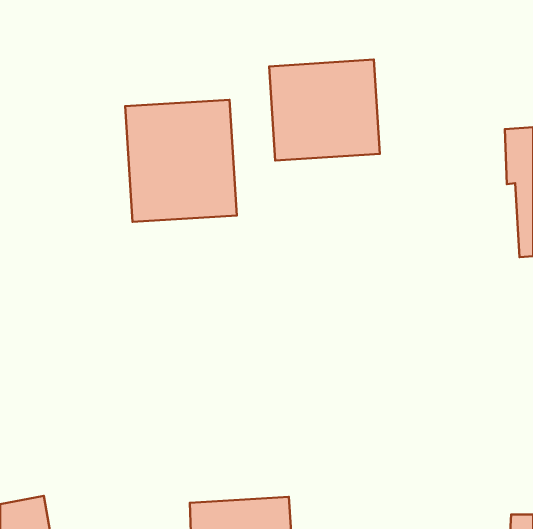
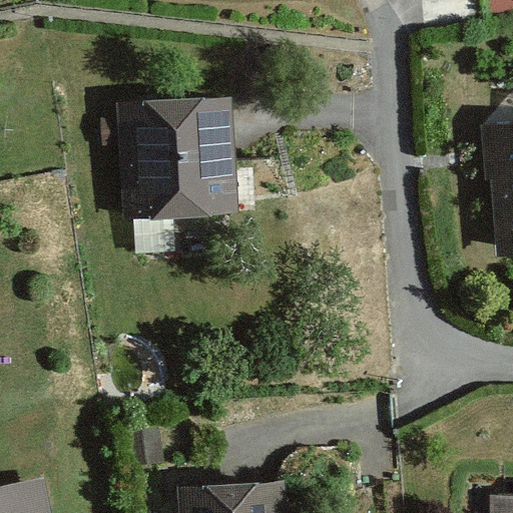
building: [269,60,380,161] -> none

